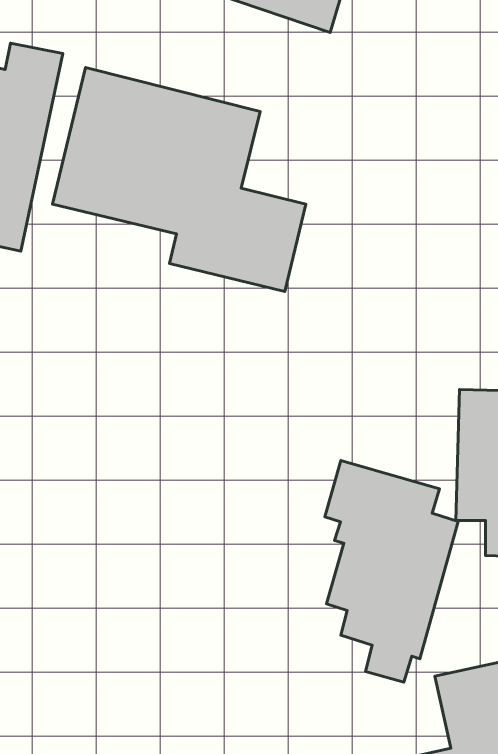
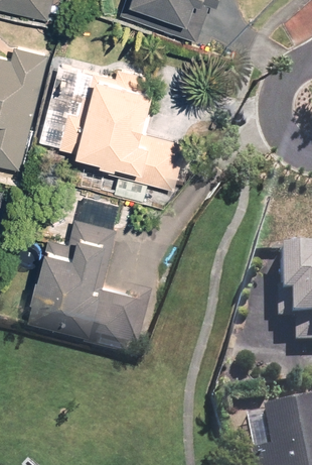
building: none -> [30,193,143,349]
building: [325,461,458,682] -> none

